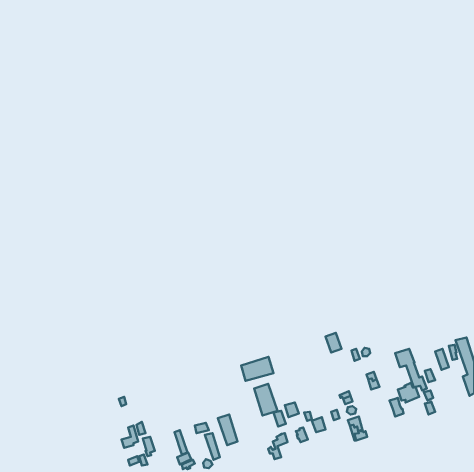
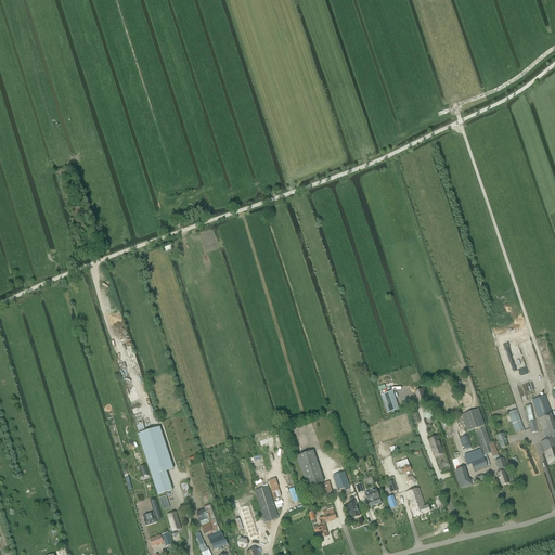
building: [241,357,274,381] -> none
building: none -> [138,425,173,493]

